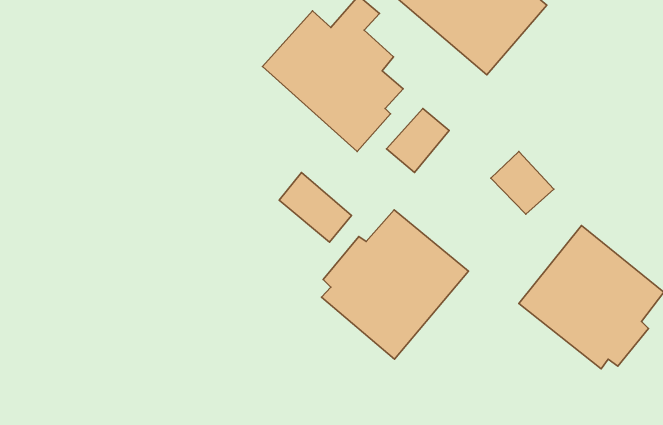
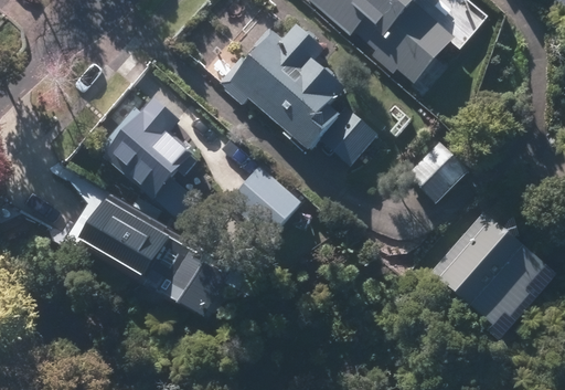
building: none -> [96,98,193,200]
building: [322,210,468,359] -> none
building: none -> [79,200,231,316]

